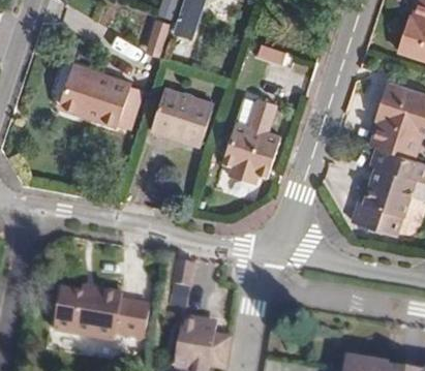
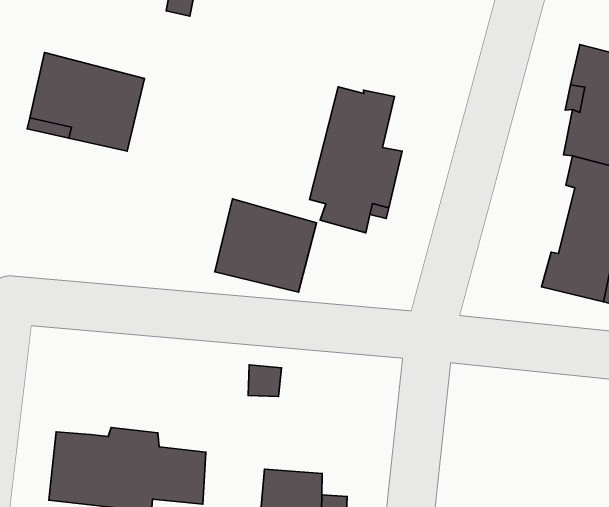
building: [153,88,214,145] -> [215,199,316,292]

